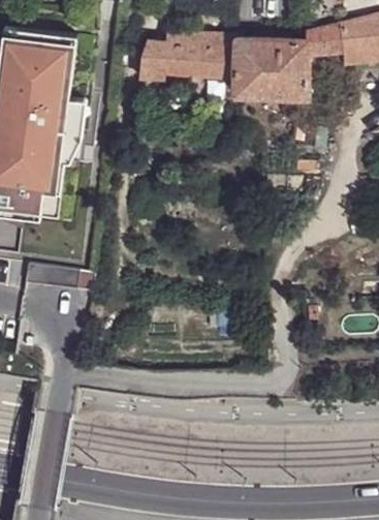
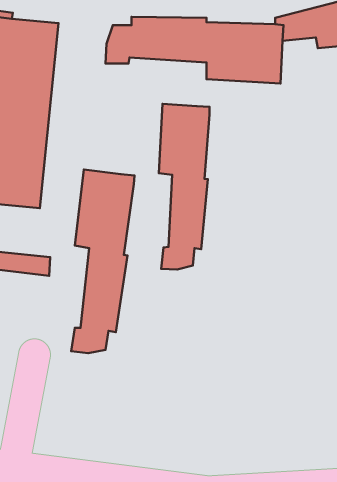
building: none -> [159,104,210,270]
building: none -> [71,169,134,353]

